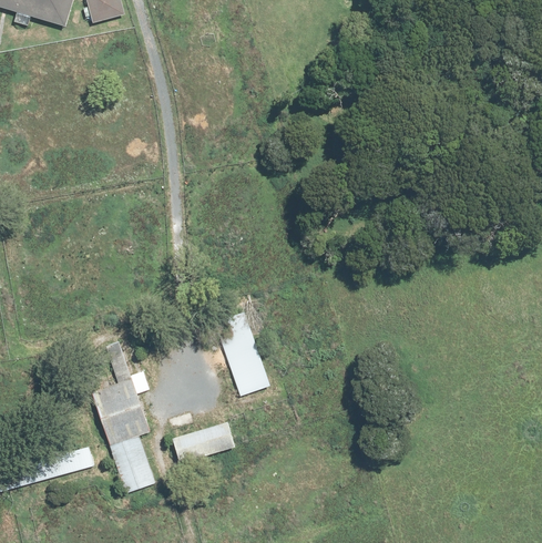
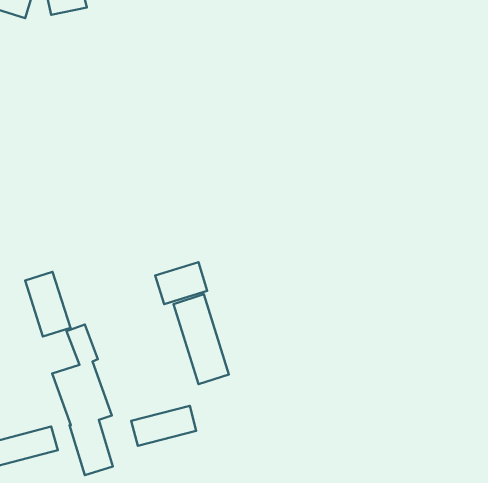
building: none -> [155,262,207,304]
building: none -> [25,272,70,337]

